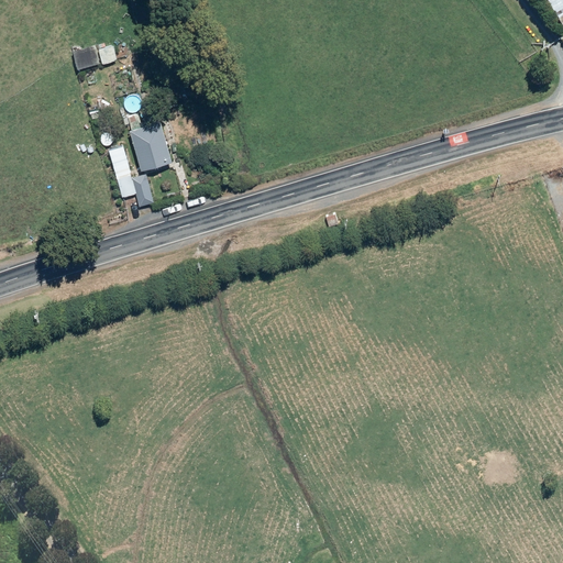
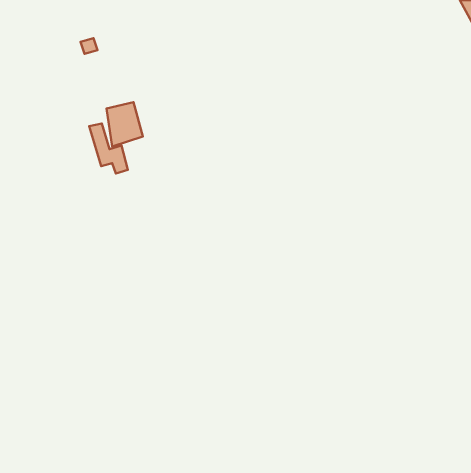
building: [73,46,99,69] -> none

